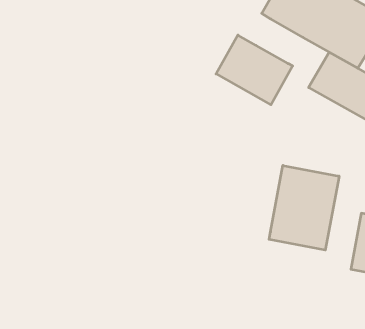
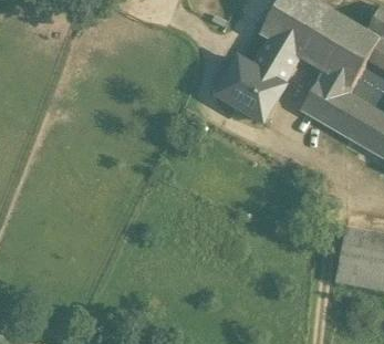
building: none -> [250,41,295,84]
building: [269,165,339,250] -> none

